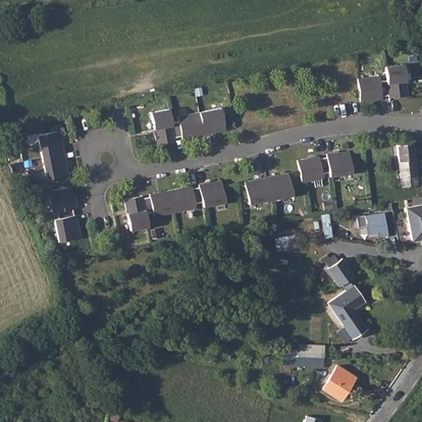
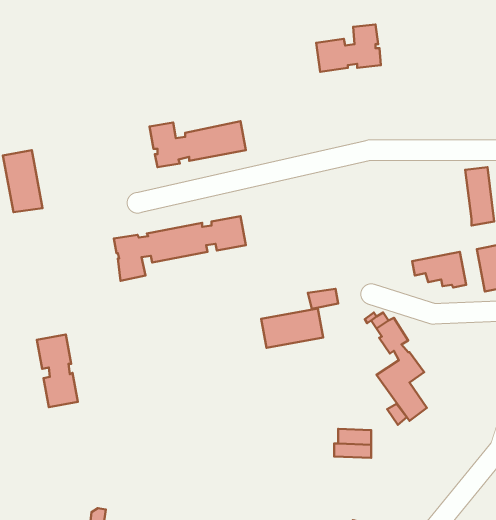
building: [358,67,408,104] -> [316,24,381,72]
building: [302,153,357,182] -> none
building: [247,175,295,206] -> [261,308,323,348]
building: [50,188,82,244] -> [37,335,78,407]
building: [323,366,356,400] -> none

